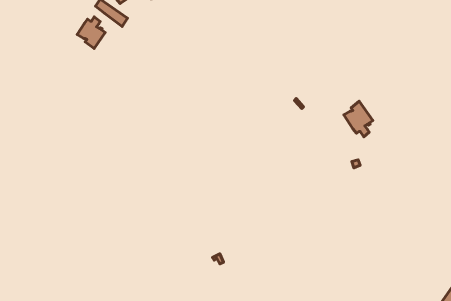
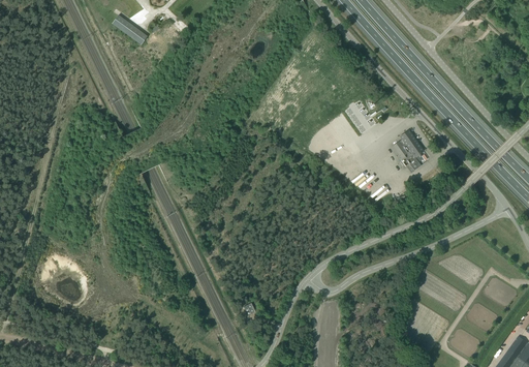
building: [77,17,105,48] -> none

